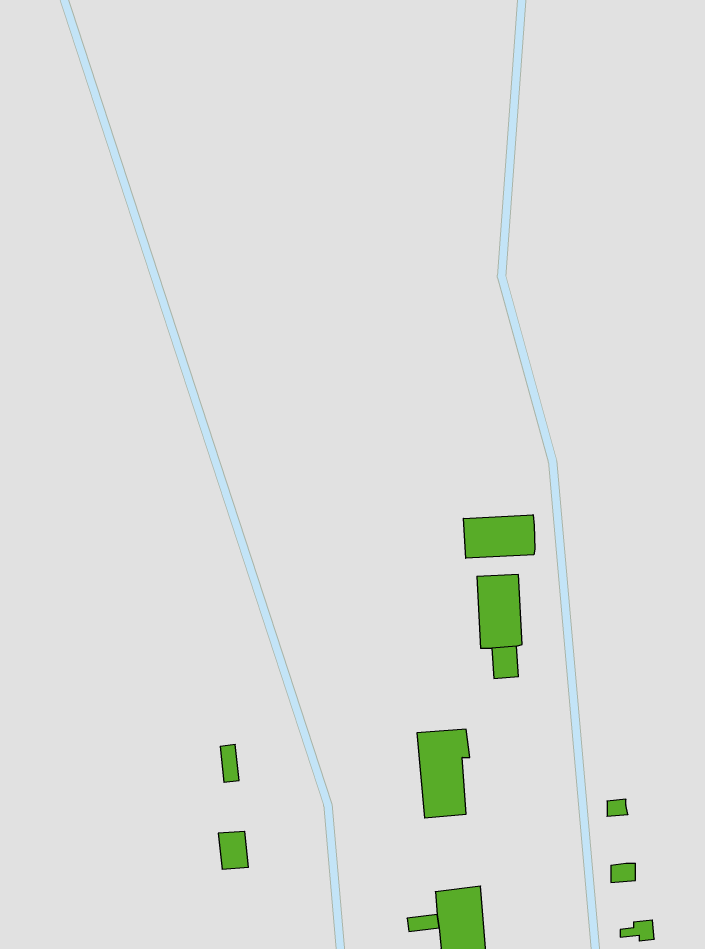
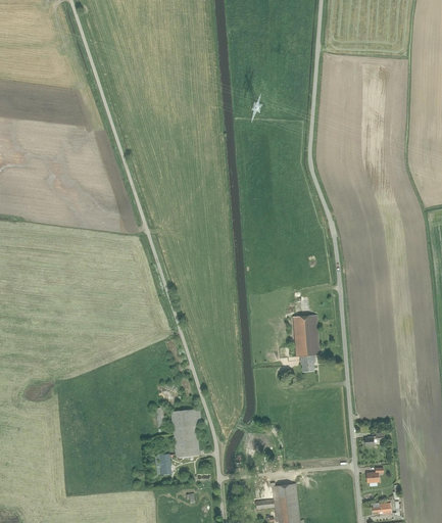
building: [463,515,535,558] -> none
building: [417,729,470,818] -> [173,409,201,457]

